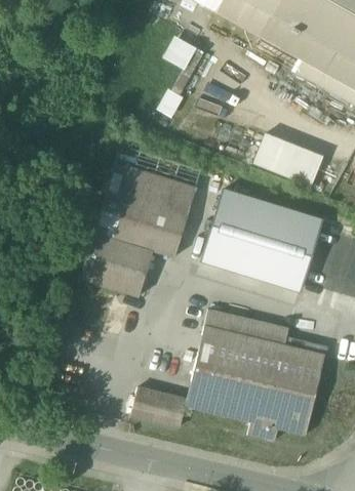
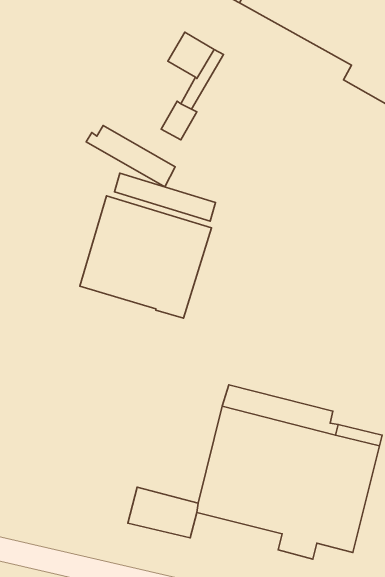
building: none -> [86,125,175,187]
building: [254,134,325,188] -> none
building: [202,190,322,290] -> none
building: [80,231,153,295] -> none

